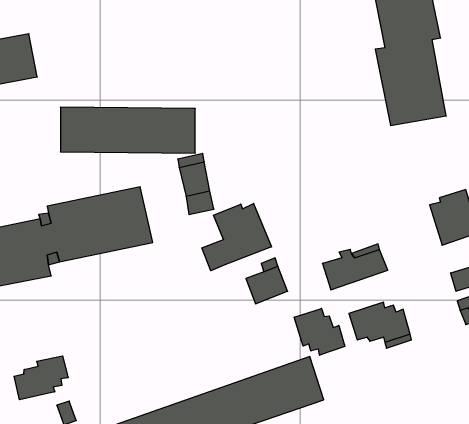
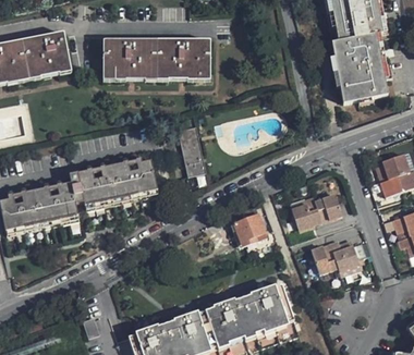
building: [60,107,195,153] -> [102,38,208,74]
building: [202,203,272,271] -> none
building: [294,308,345,355] -> none
building: [14,356,68,400] -> none

